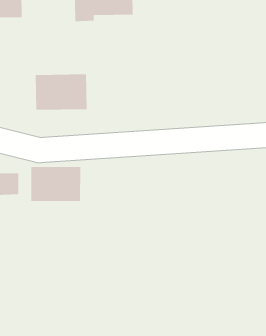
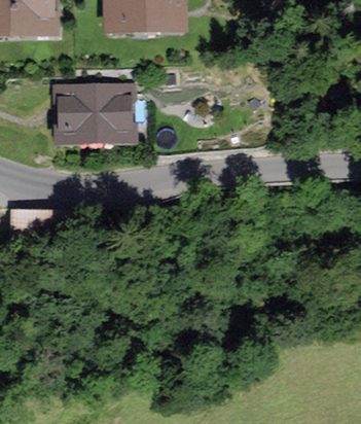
building: [31,166,81,202] -> none

